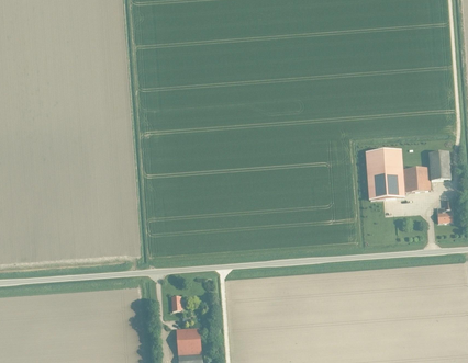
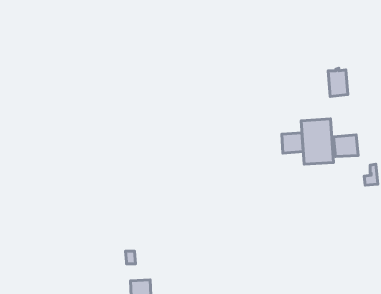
building: [427,148,449,180] -> [328,68,348,97]
building: none -> [282,133,303,153]

